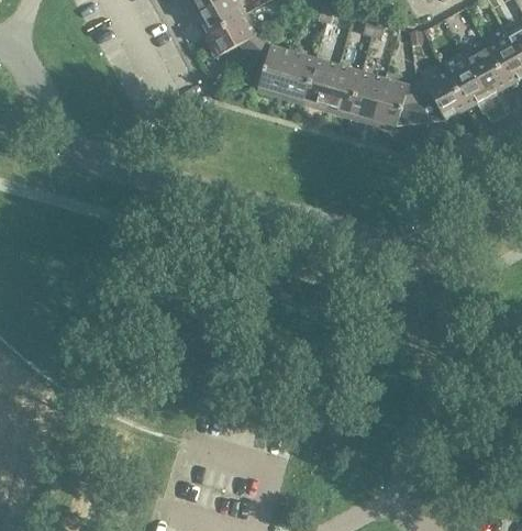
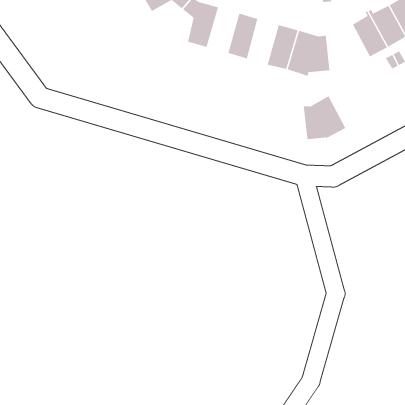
building: [281,51,318,103] -> none
building: [327,64,363,117] -> none
building: [418,70,467,122] -> [303,95,346,141]

